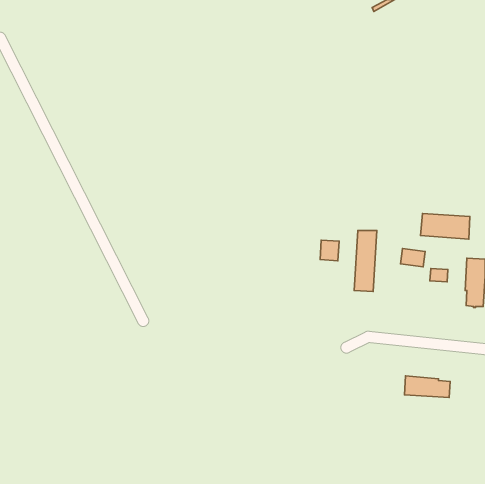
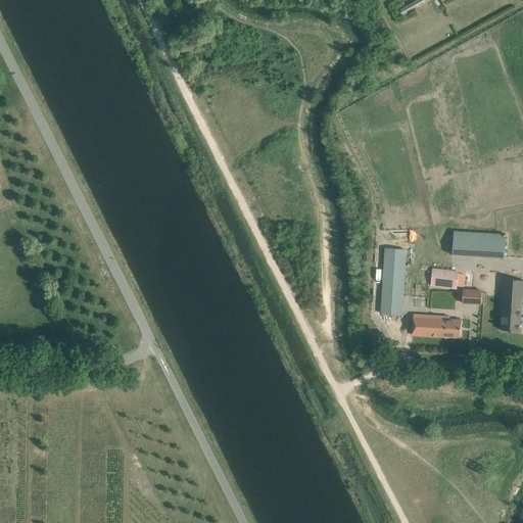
building: [320,240,339,261] -> none
building: [404,376,450,398] -> [413,314,462,337]

